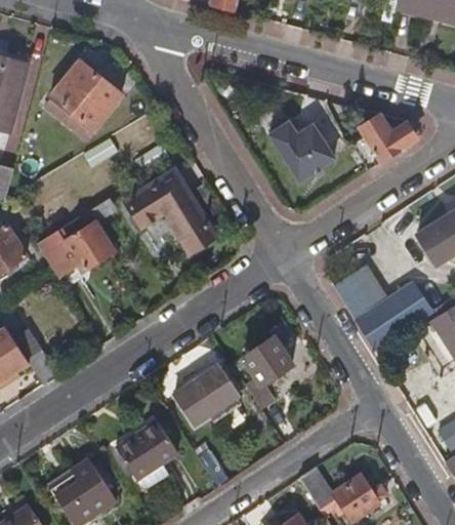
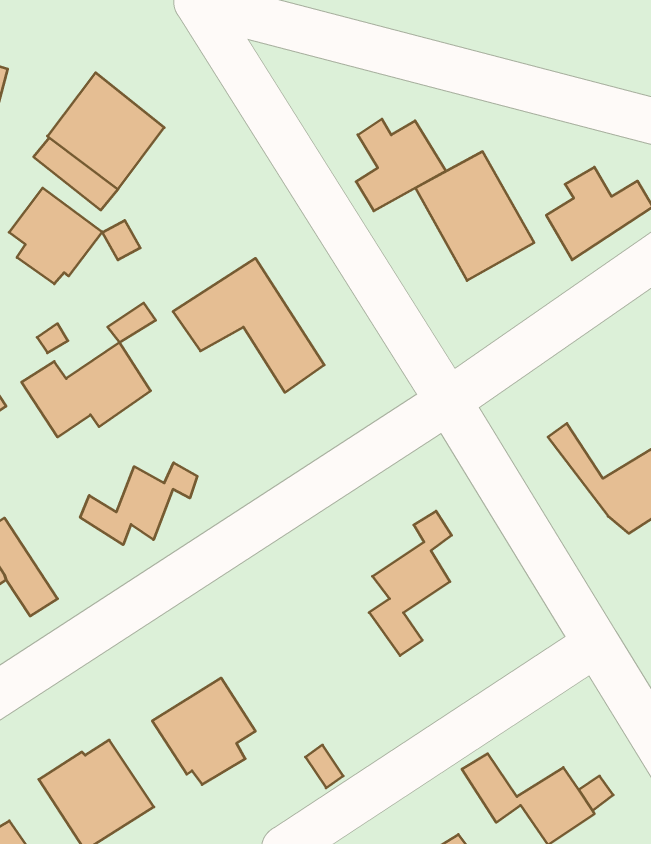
building: none -> [356,119,446,211]
building: none -> [9,188,102,284]
building: [334,278,398,351] -> none
building: none -> [80,463,197,545]
building: [173,364,240,427] -> none

